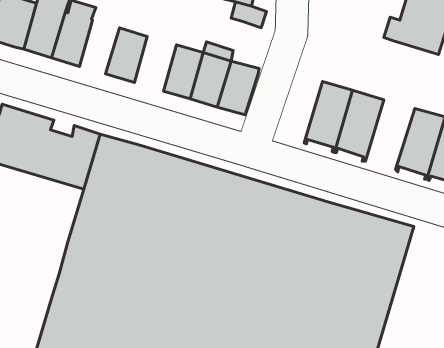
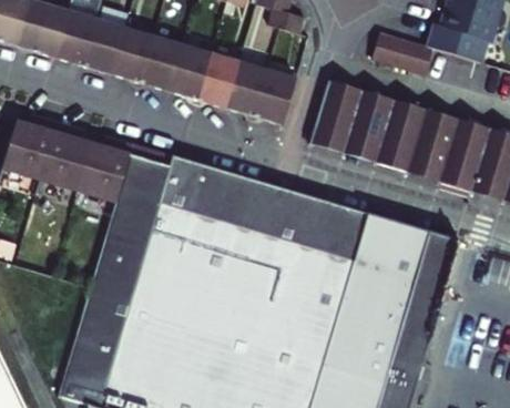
building: none -> [111,27,152,82]
building: none -> [368,30,435,74]
building: none -> [167,43,211,100]
building: none -> [308,80,361,153]
building: none -> [406,109,457,181]

